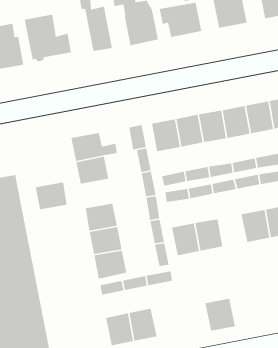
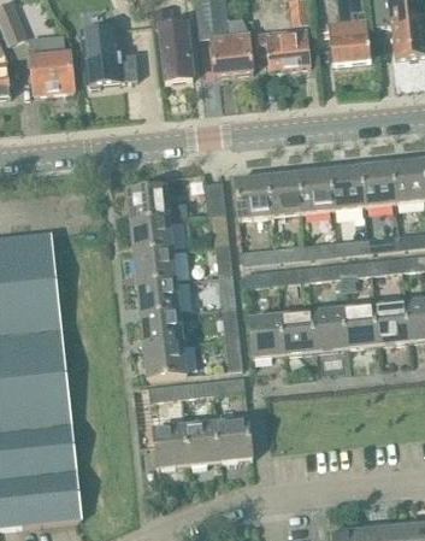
building: [35,182,68,210] -> [134,248,175,283]
building: none -> [311,308,346,349]
building: [204,298,236,332] -> [213,418,252,460]

